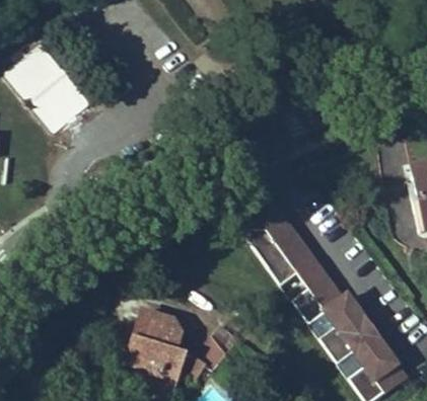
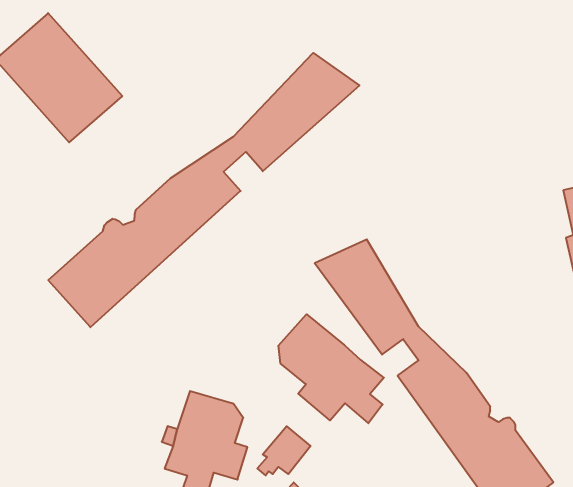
building: none -> [48,53,359,327]
building: none -> [279,314,384,423]

